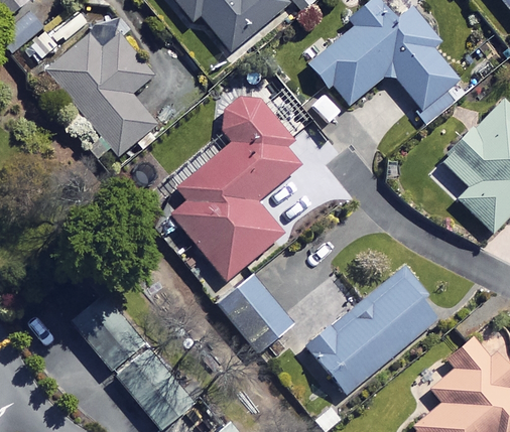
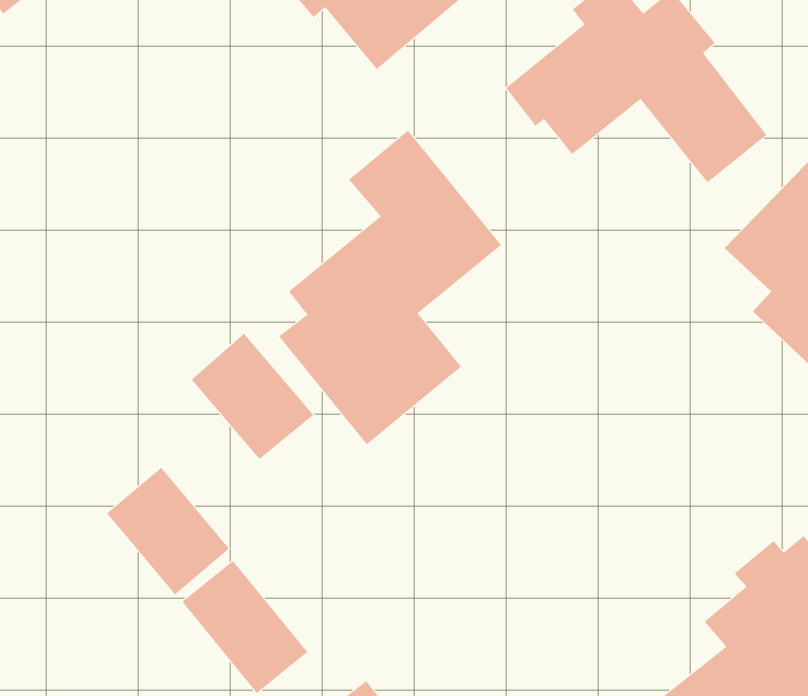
building: [46,33,157,155] -> none
building: [306,270,439,394] -> none
building: [218,274,292,350] -> [191,333,314,460]

